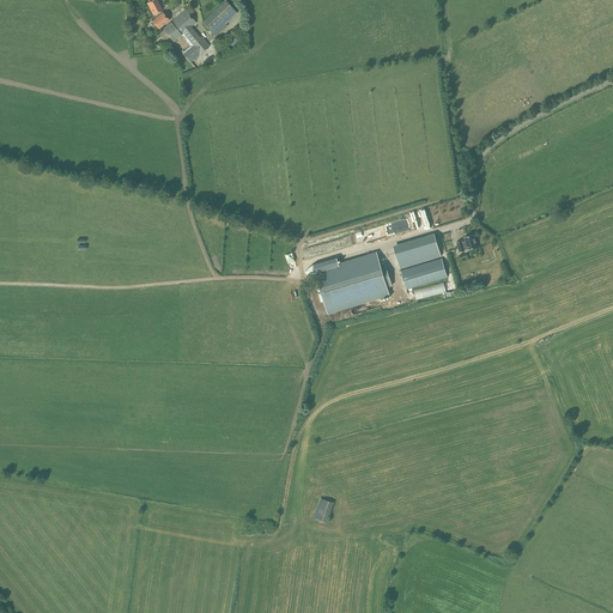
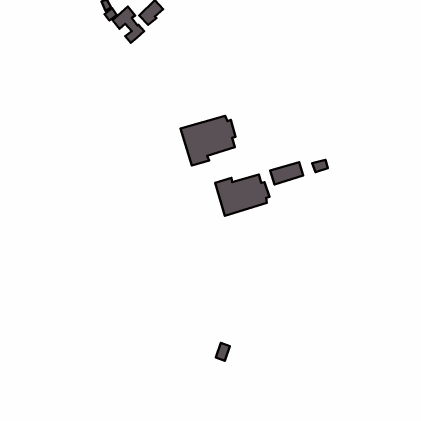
building: none -> [181,116,235,166]
building: [400,259,448,290] -> none

